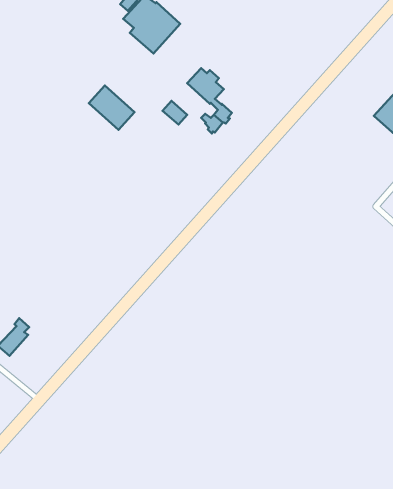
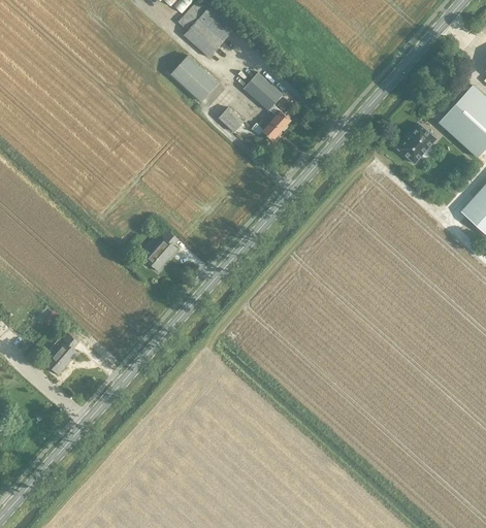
building: [89,85,134,130] -> [171,56,219,102]
building: none -> [398,124,436,163]
building: none -> [147,230,179,270]

